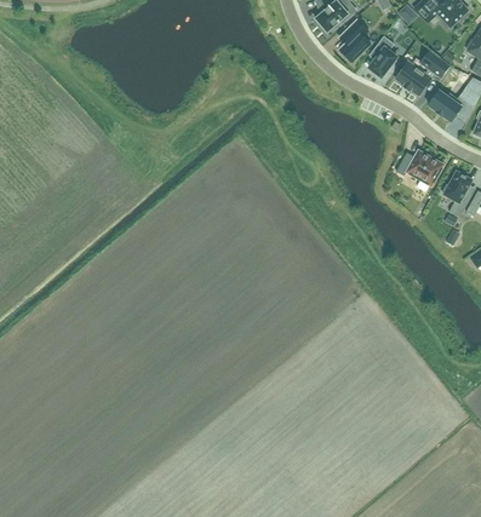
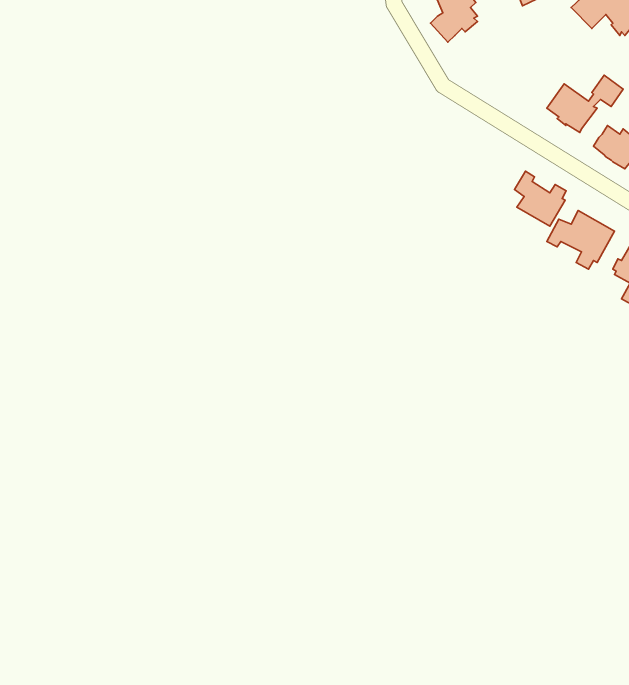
building: [338,19,371,62] -> none
building: [368,35,397,76] -> none
building: none -> [514,171,566,226]

